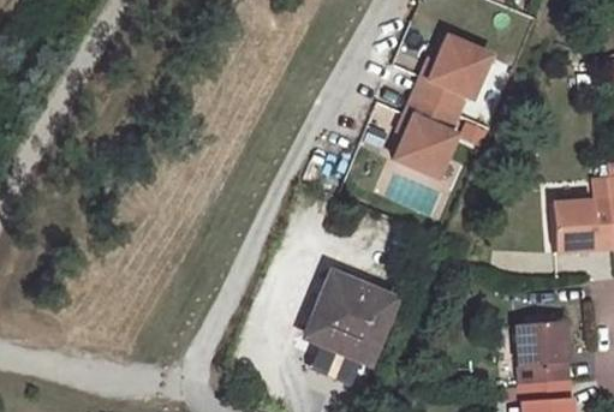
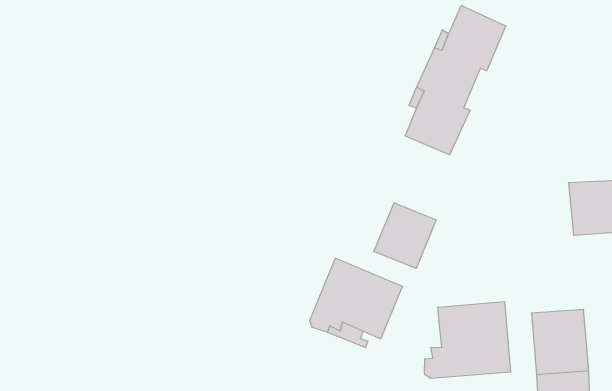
building: none -> [374,203,436,269]
building: none -> [425,302,510,379]

